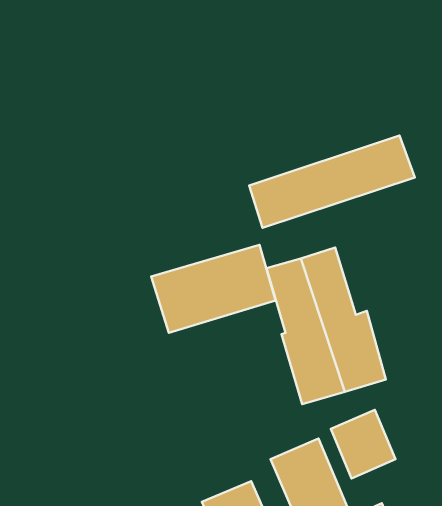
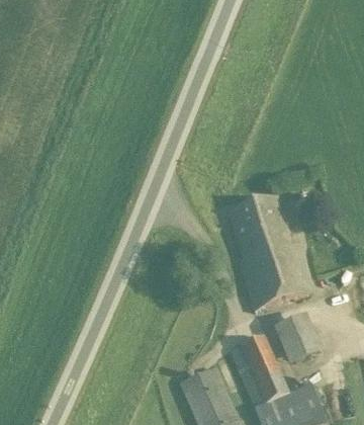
building: [249,135,415,228] -> none
building: [151,245,276,333] -> none

